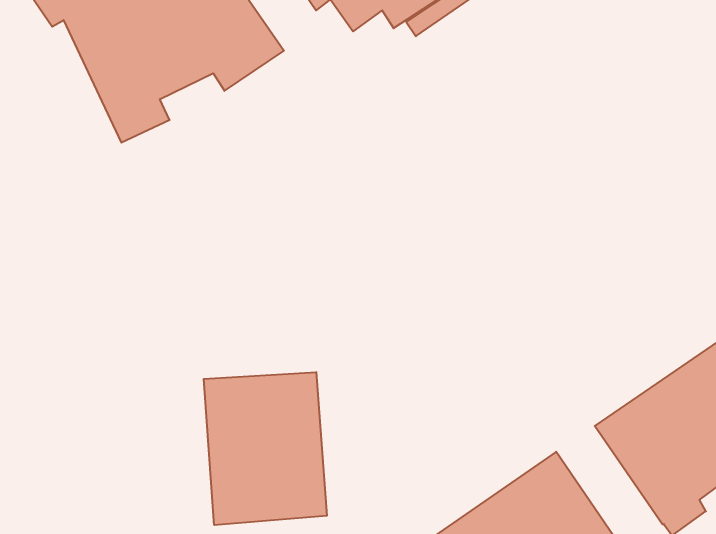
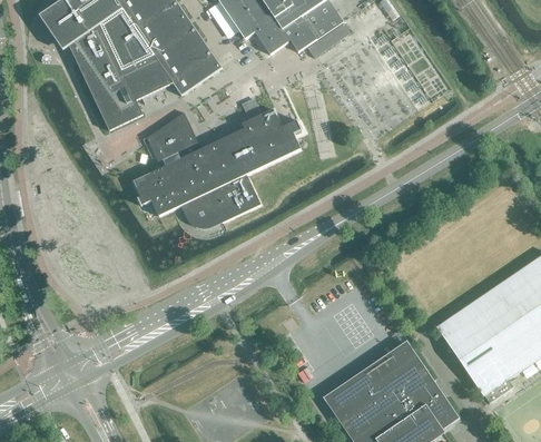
building: none -> [132,108,301,227]
building: [204,372,327,525] -> none

